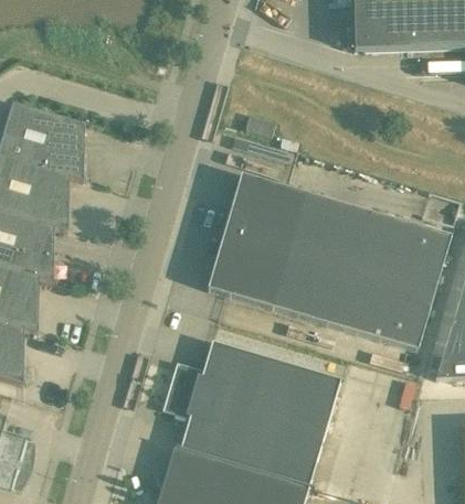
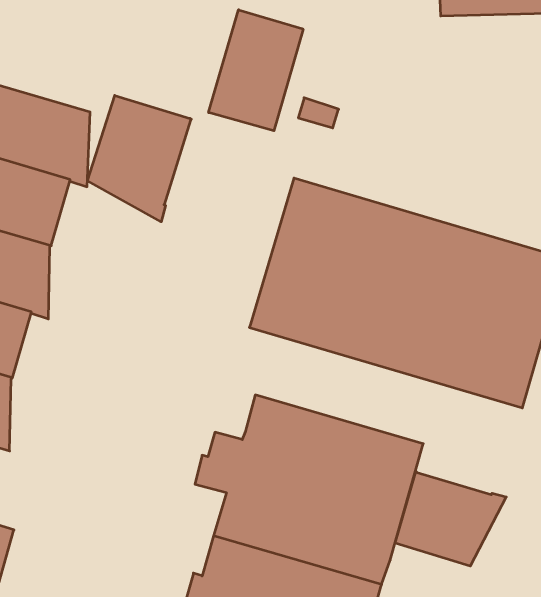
building: none -> [209,10,303,131]
building: none -> [87,95,191,222]
building: none -> [395,472,506,566]

